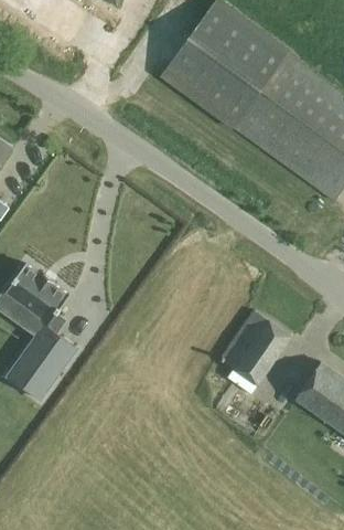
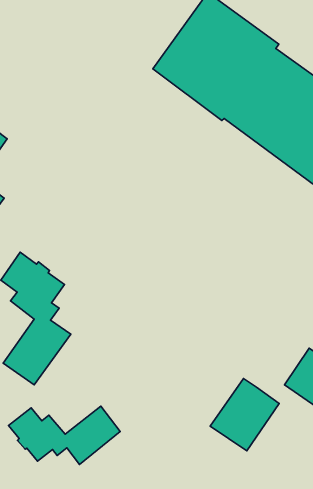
building: [219,311,290,385] -> [210,379,279,451]
building: none -> [9,406,120,464]

